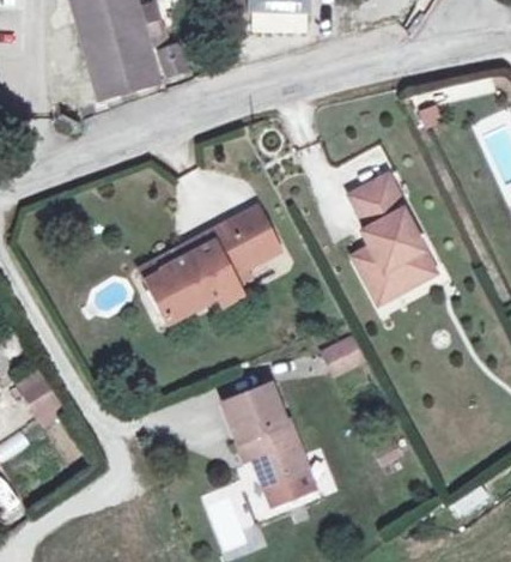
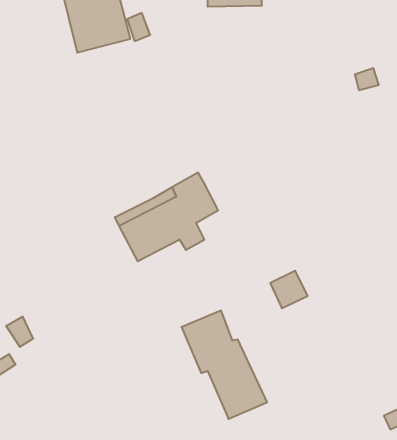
building: [353,170,434,295] -> none
building: [238,212,282,267] -> none

